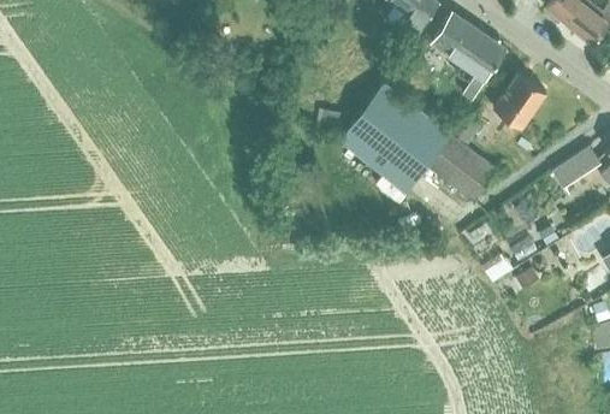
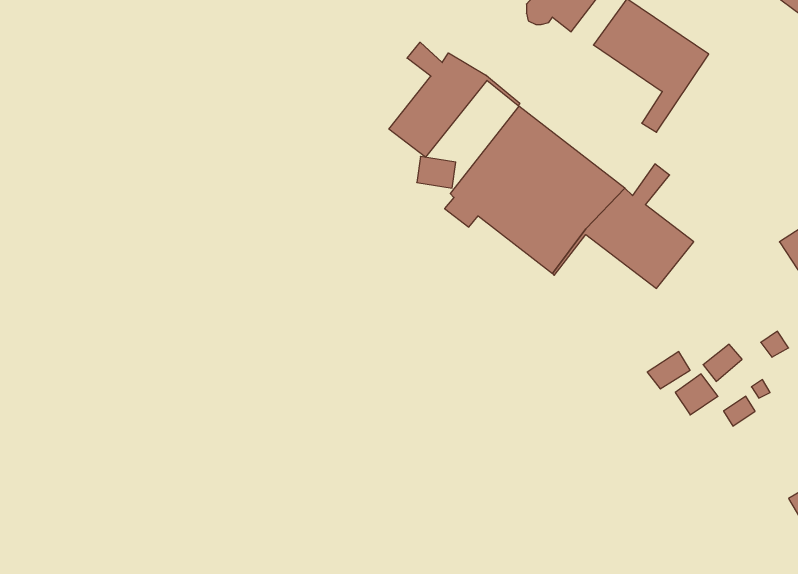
building: none -> [389,42,520,157]
building: [493,72,546,126] -> none

